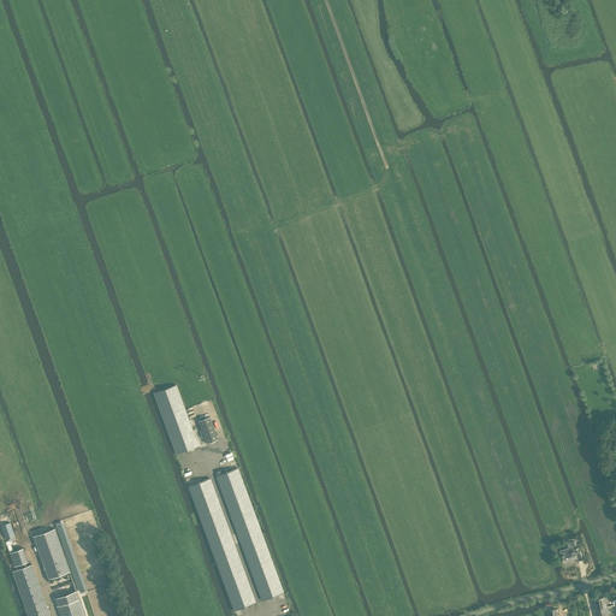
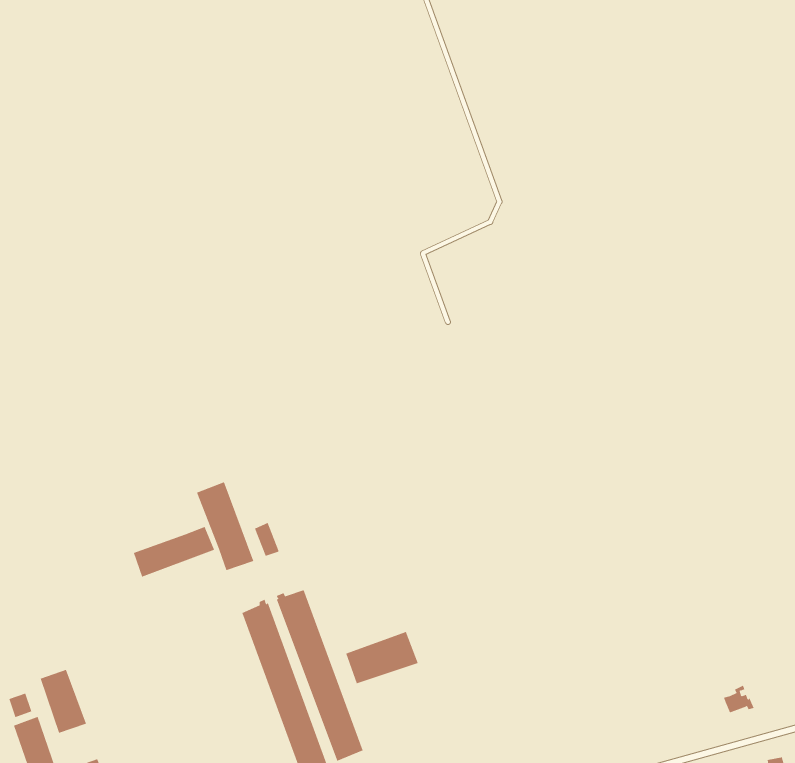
building: none -> [133,526,215,577]
building: none -> [345,631,418,684]

